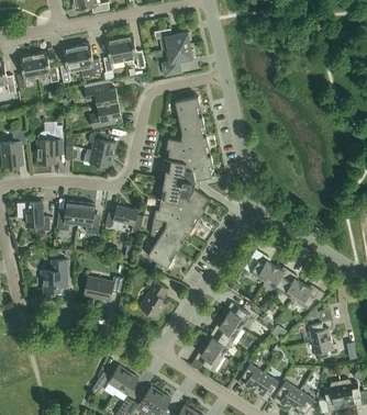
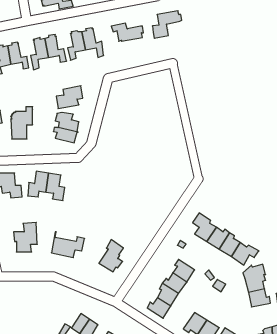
building: [159,46,193,78] -> [152,11,182,38]
building: [84,86,118,106] -> none
building: [146,97,212,268] -> none
building: [104,206,143,234] -> none

